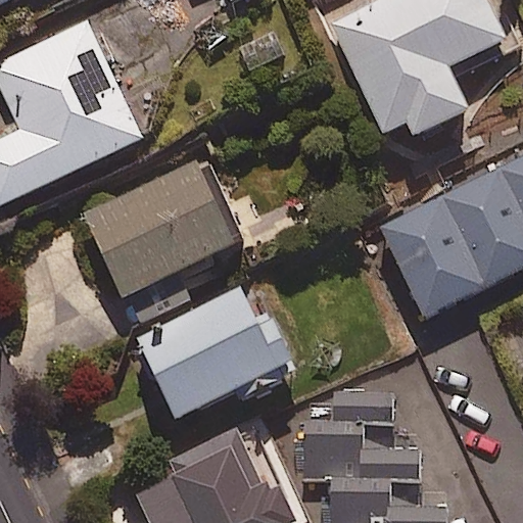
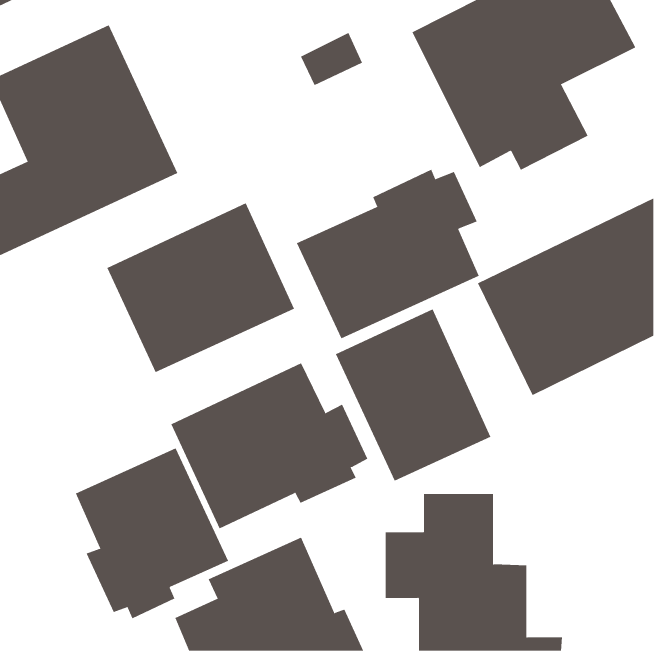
building: none -> [296,169,479,339]
building: none -> [335,309,491,481]
building: none -> [75,447,229,619]

